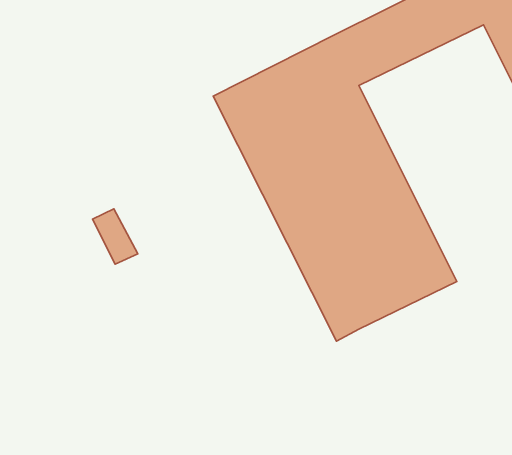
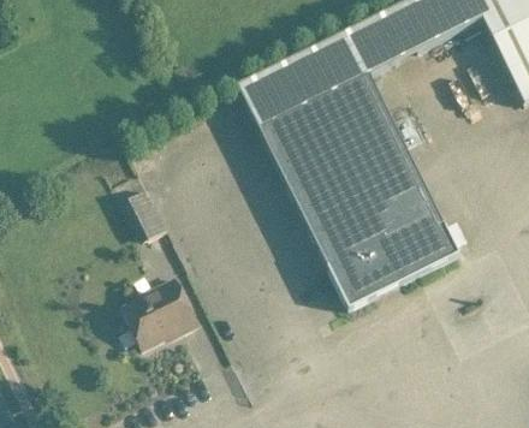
building: none -> [123,279,200,351]

